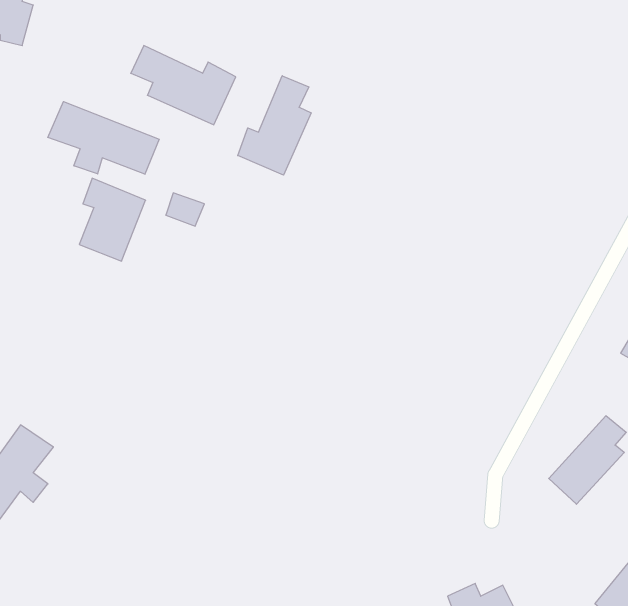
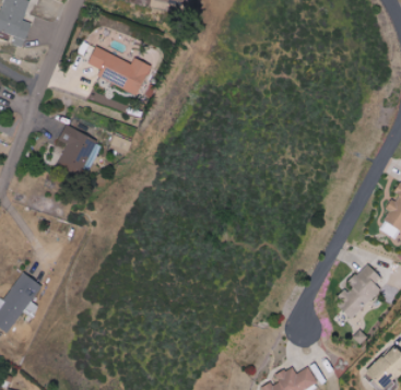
building: [238,76,311,175] -> none
building: [48,102,159,174] -> none

